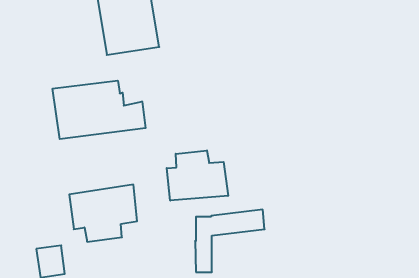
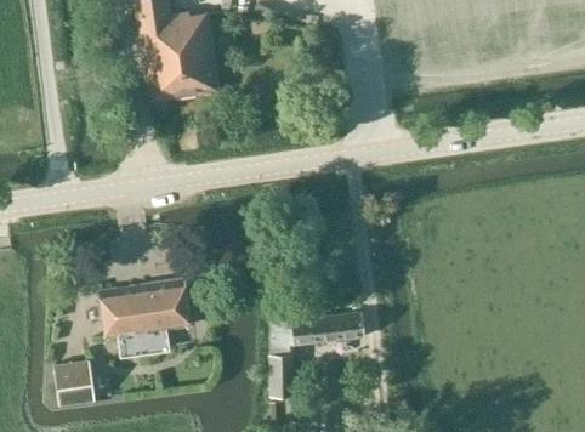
building: [53,81,146,139] -> none
building: [167,150,228,201] -> none

